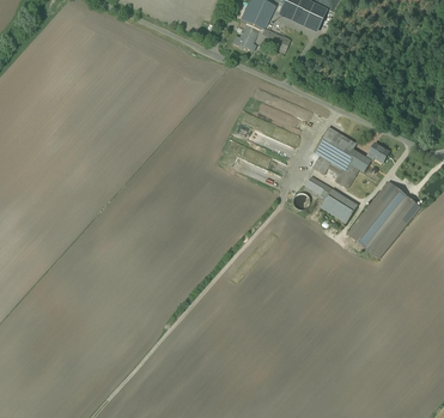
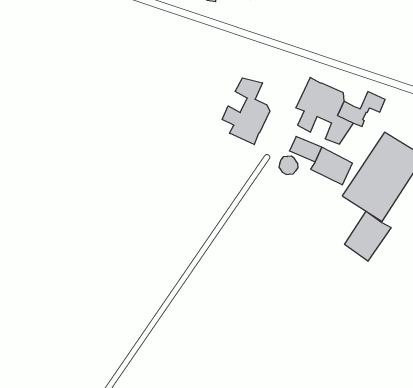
building: none -> [222,78,270,145]
building: none -> [345,211,391,261]

